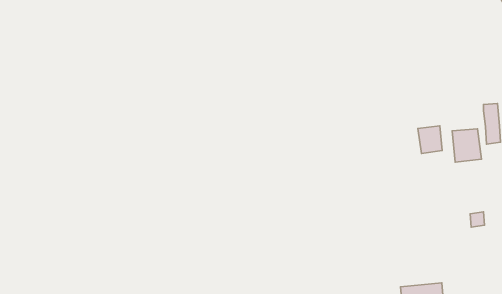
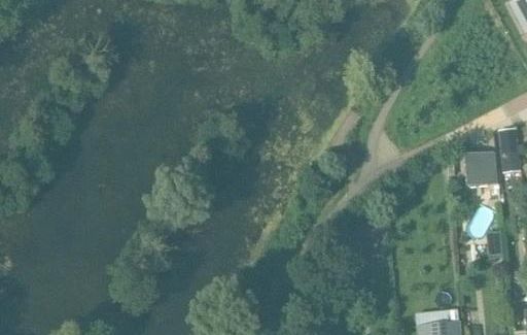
building: [418,126,442,154] -> none

